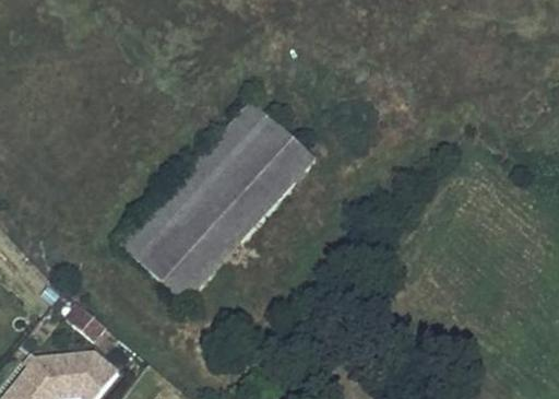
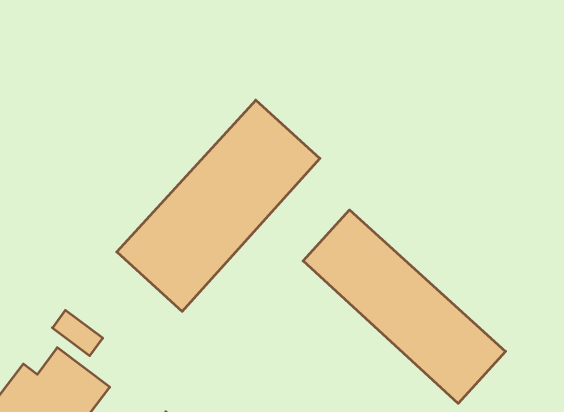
building: none -> [303,210,506,403]

